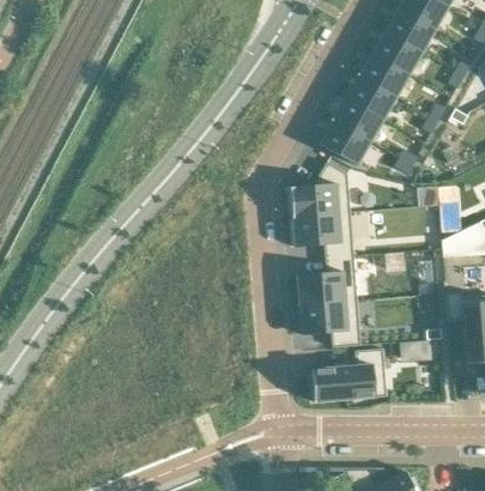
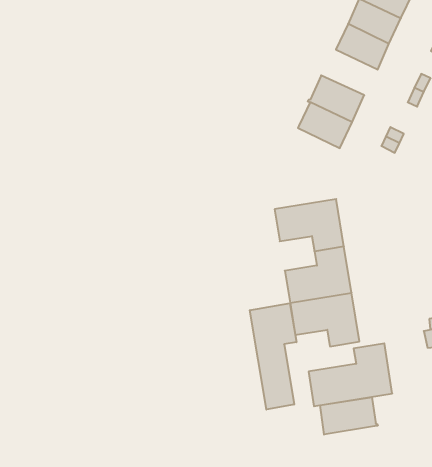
building: [345,73,398,119] -> none
building: [290,162,350,217] -> none
building: none -> [250,303,296,410]
building: none -> [320,397,378,435]

